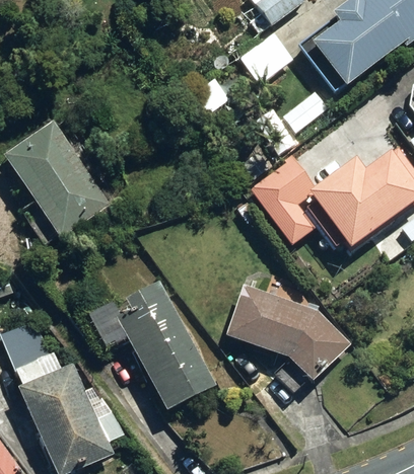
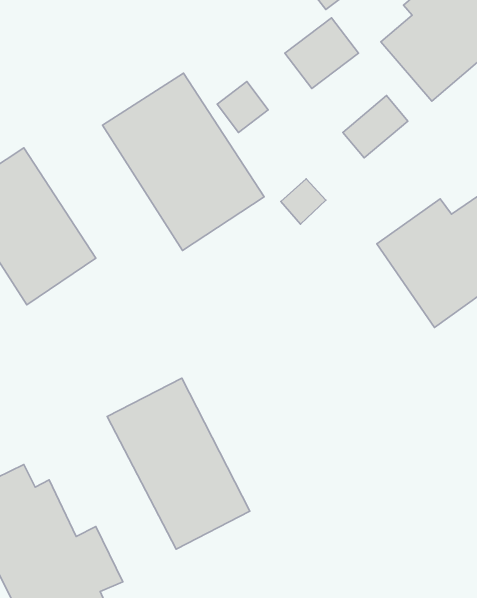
building: none -> [103,73,264,250]
building: [249,156,317,244] -> none
building: [225,285,352,382] -> none

